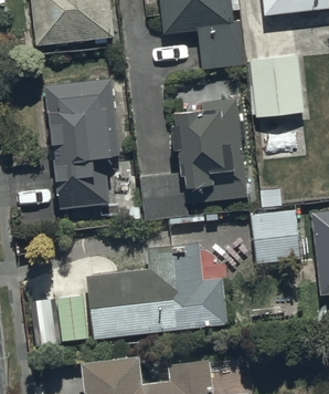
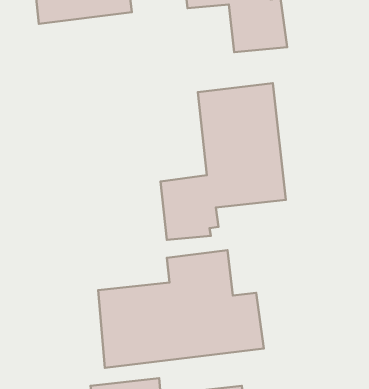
building: [250,56,300,117] -> none
building: [45,77,117,211] -> none
building: [252,190,299,267] -> none

